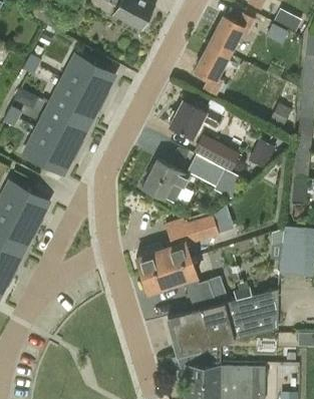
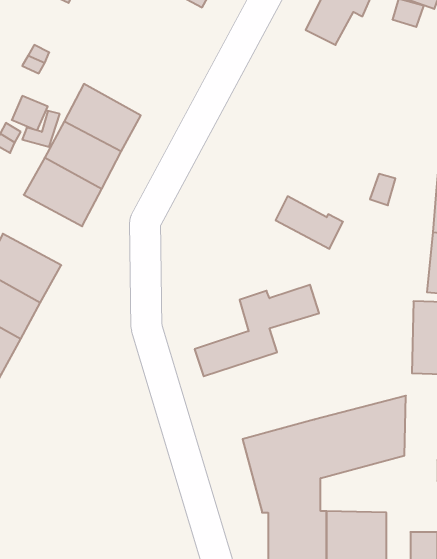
building: [196,44,231,95] -> none
building: [62,55,114,101] -> none
building: [170,100,223,138] -> none
building: [196,136,239,169] -> none
building: [143,159,190,197] -> none
building: [142,260,217,311] -> none

